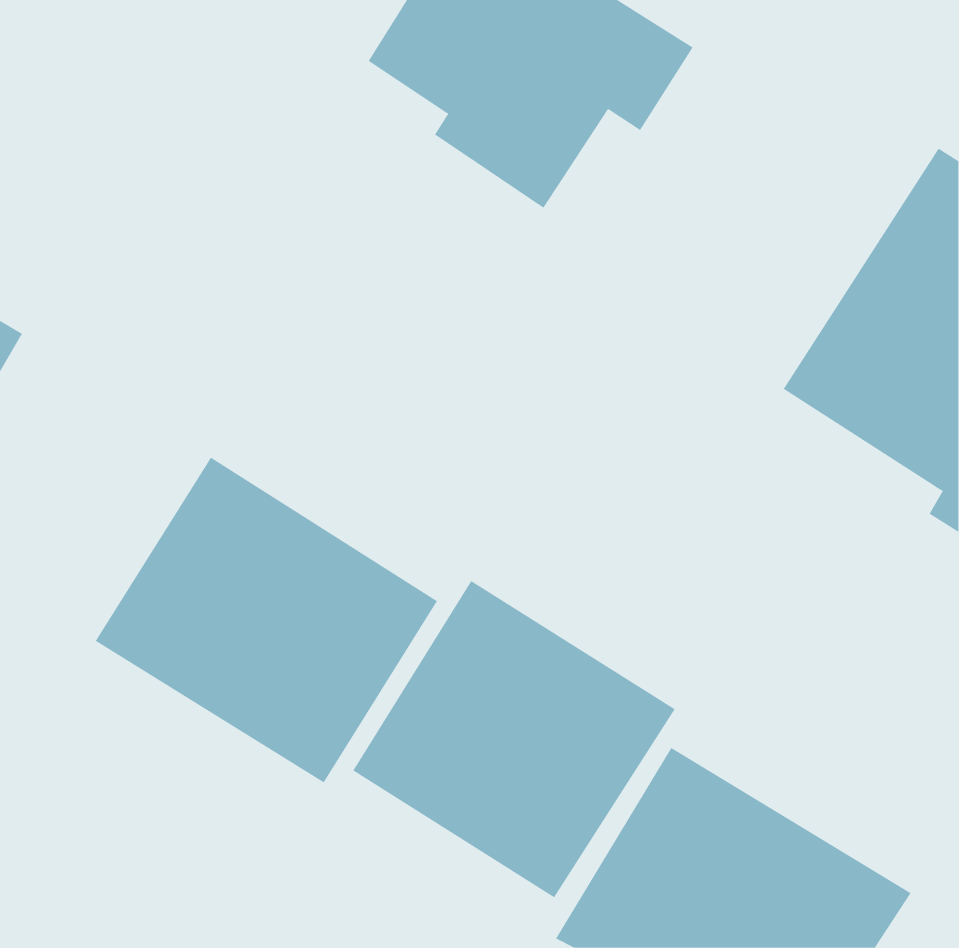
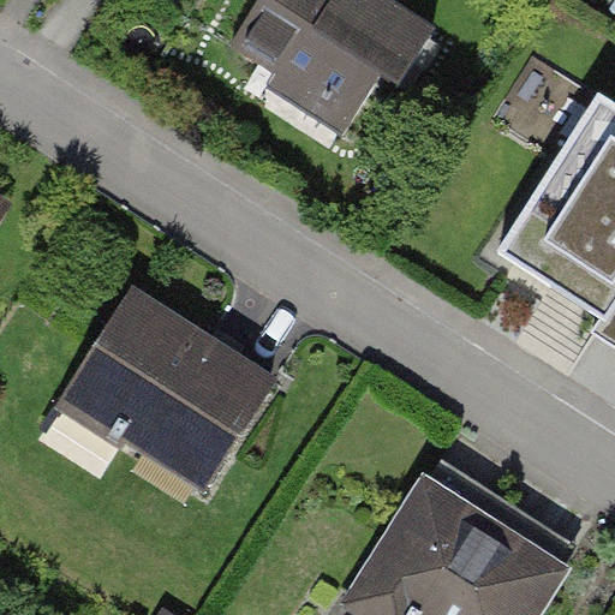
building: [352,580,676,898] -> none

